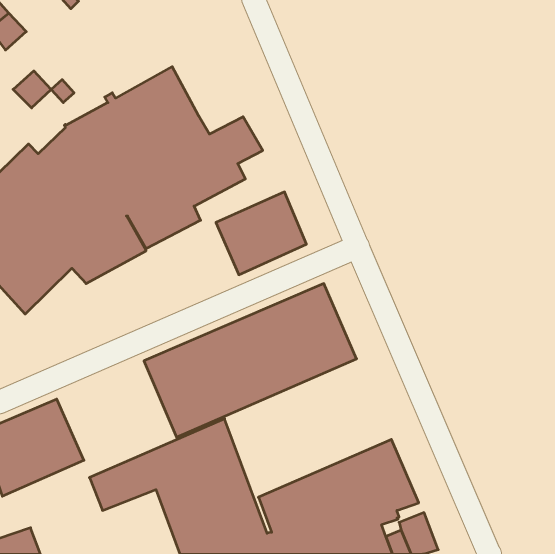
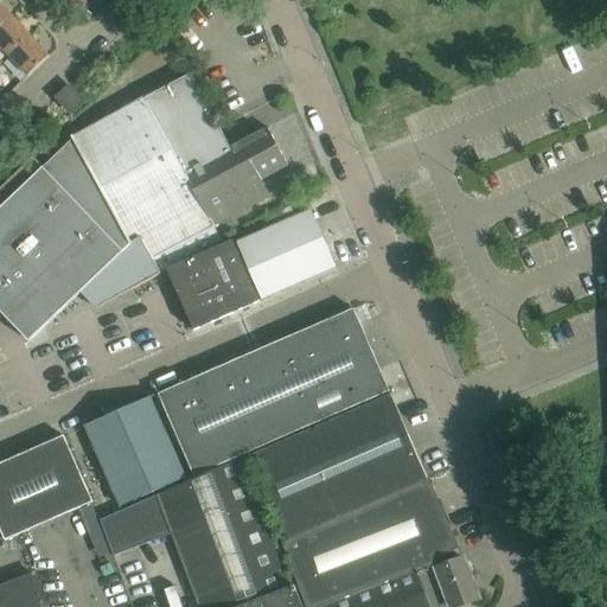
building: [13,71,51,108] -> [6,34,47,75]
building: none -> [165,239,257,330]
building: none -> [248,392,426,538]
building: none -> [83,396,184,505]

